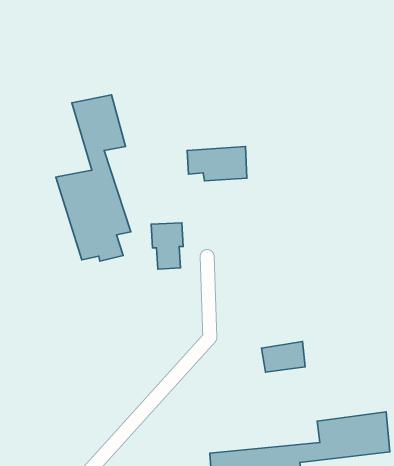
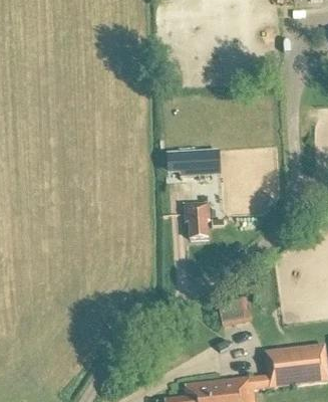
building: [56,95,131,261] -> none
building: [151,223,183,269] -> [186,201,210,236]

